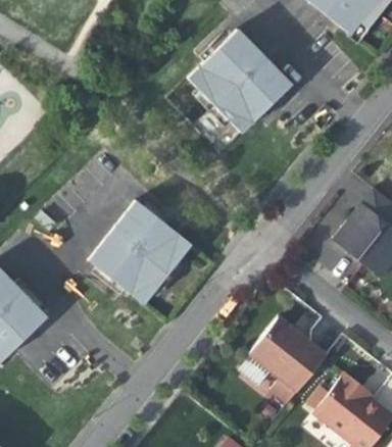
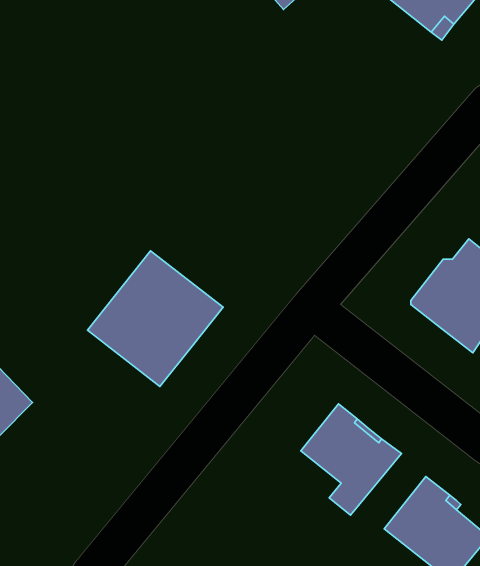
building: [188,29,292,133] -> none

